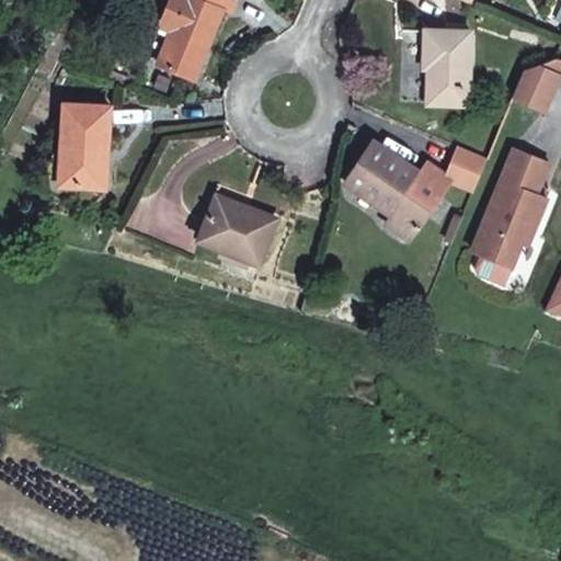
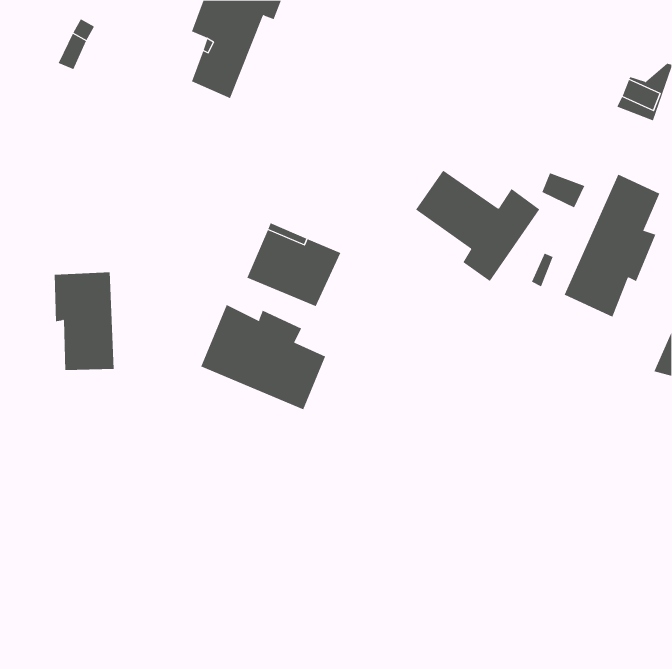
building: [421,30,468,103] -> none
building: [61,114,112,196] -> [54,272,114,371]
building: none -> [200,304,326,410]

